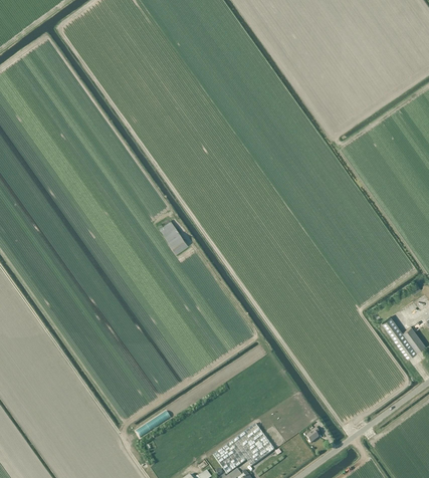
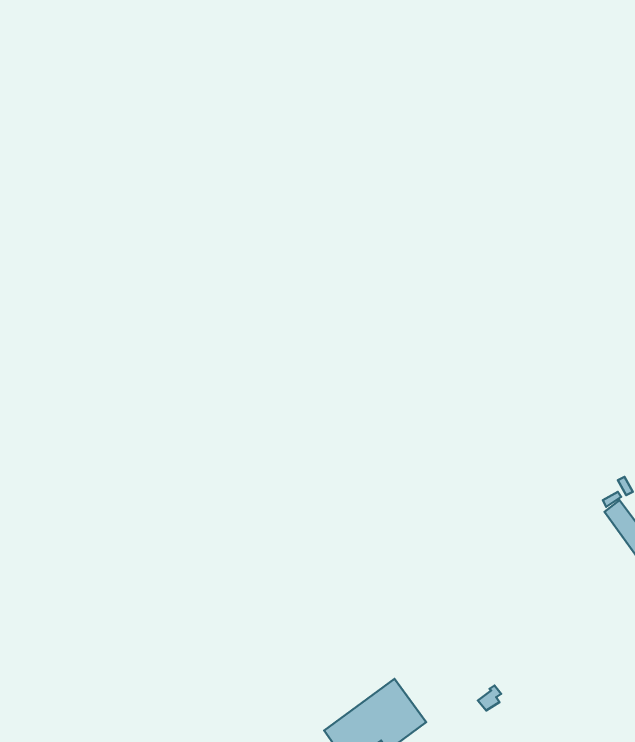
building: [159,220,188,253] -> none

